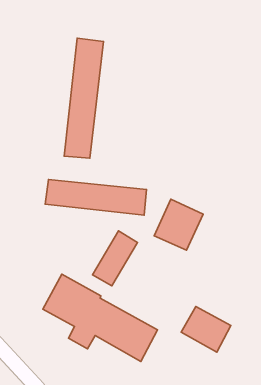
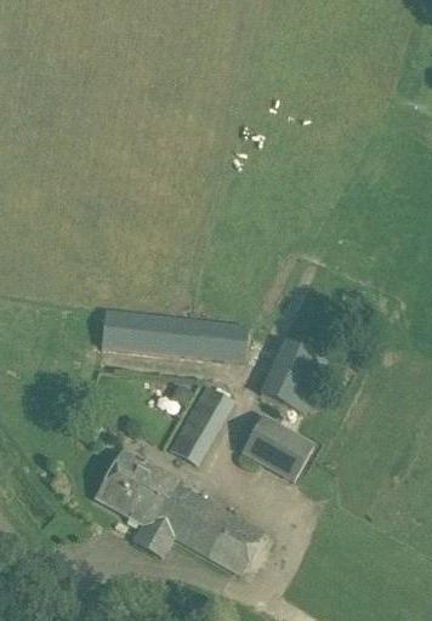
building: [64,38,103,158] -> none
building: [181,306,231,352] -> [240,415,313,482]

